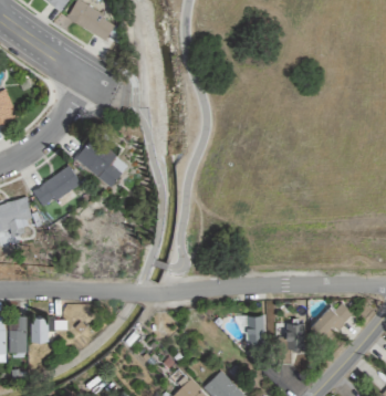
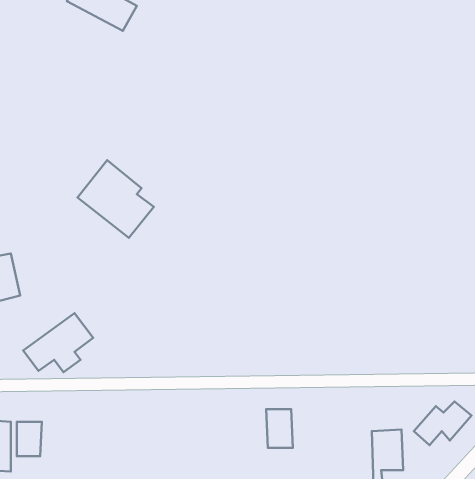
building: [31,165,81,207] -> [23,313,93,372]
building: [246,315,264,343] -> [266,409,293,448]

